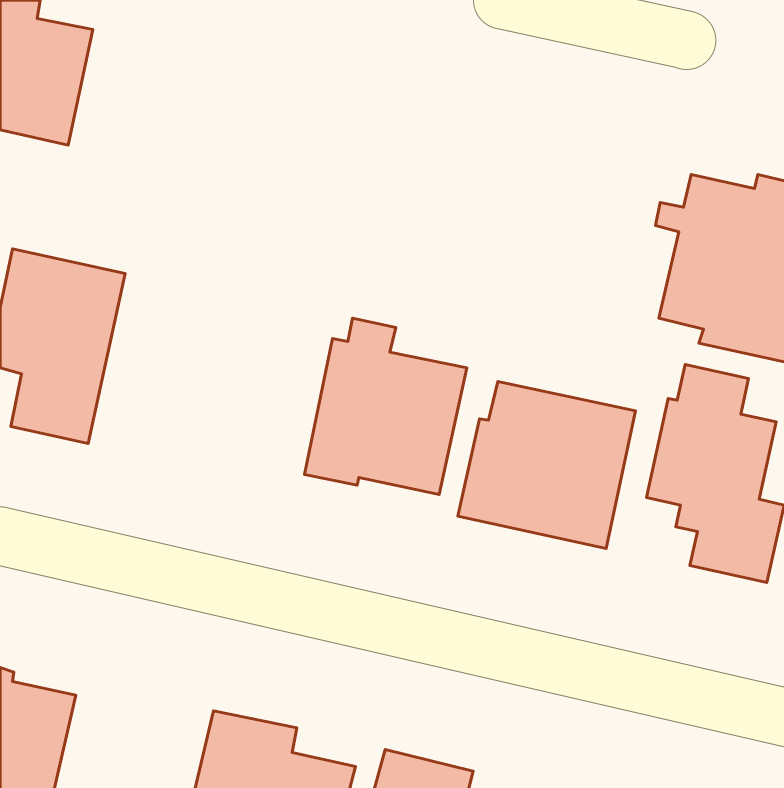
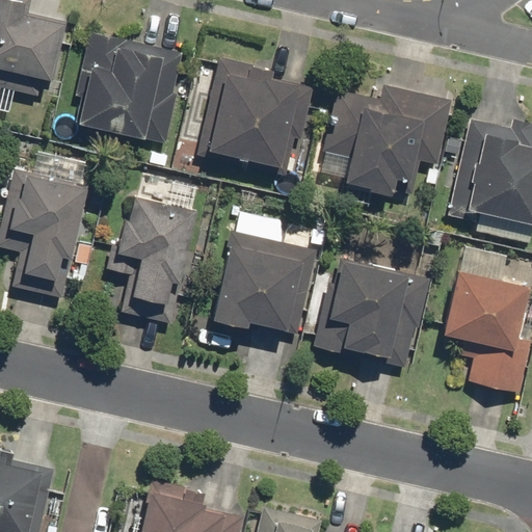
building: none -> [74,31,184,144]
building: none -> [197,56,314,176]
building: none -> [322,84,452,196]
building: none -> [105,192,196,324]

